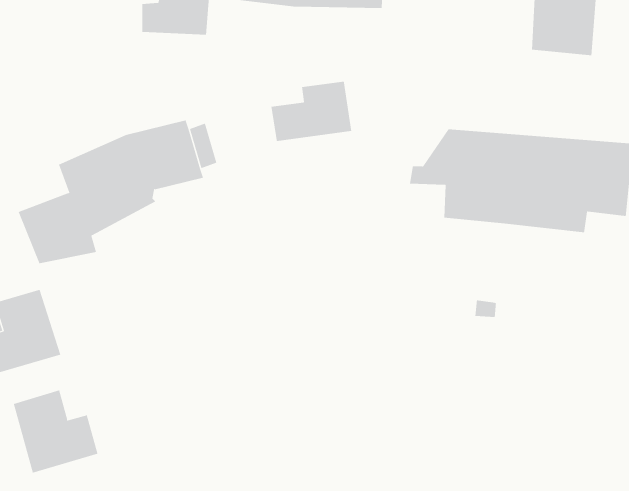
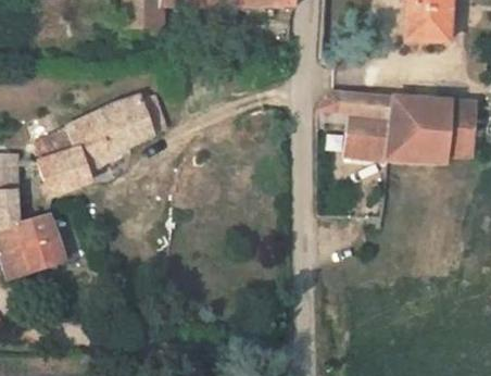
building: [271,81,352,142] -> none
building: [13,390,98,474] -> none

